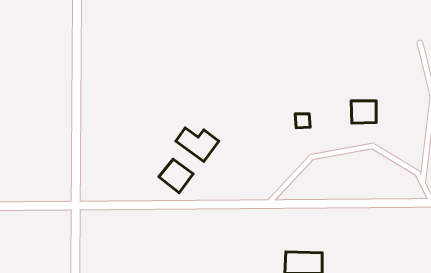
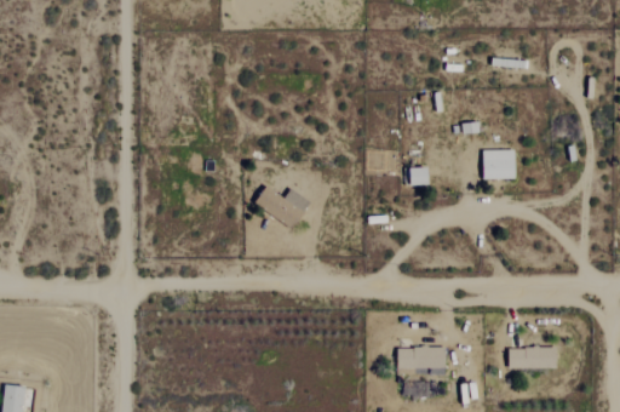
building: [159,159,193,193] -> none
building: none -> [509,348,557,368]

